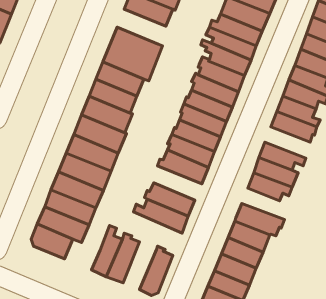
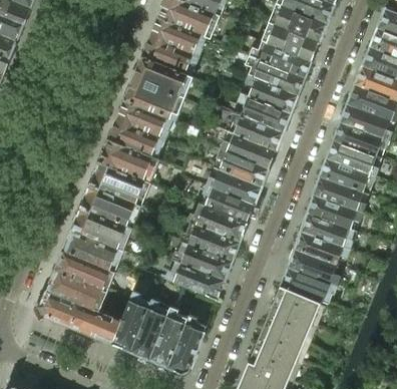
building: none -> [140,36,197,77]
building: none -> [314,174,367,212]
building: none -> [179,222,240,261]
building: none -> [287,247,340,284]
building: none -> [147,306,186,366]
building: none -> [78,307,120,343]

